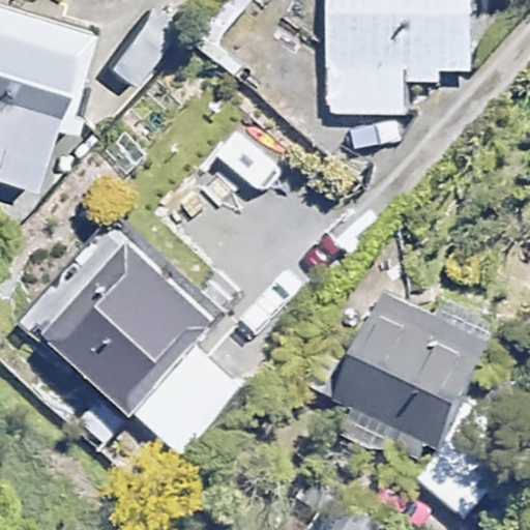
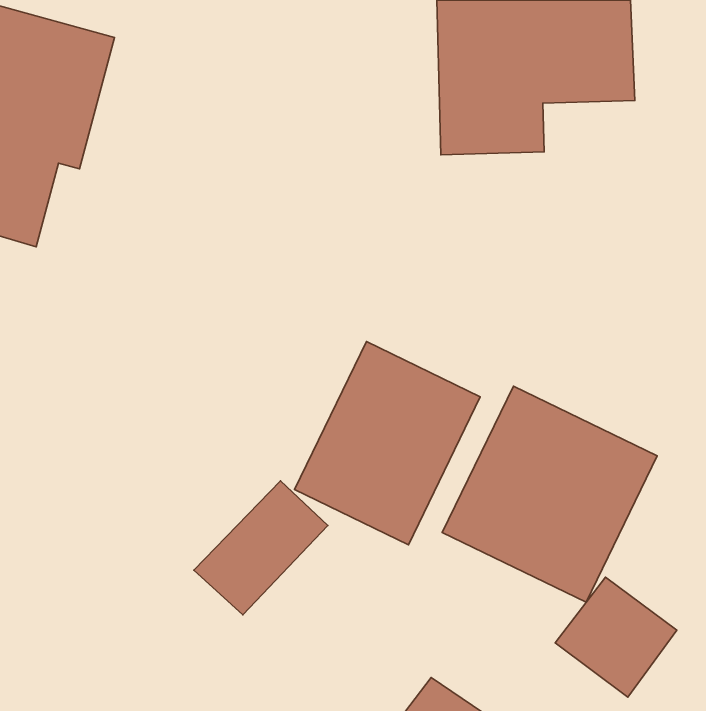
building: [29,226,217,414] -> none
building: none -> [294,342,480,545]

